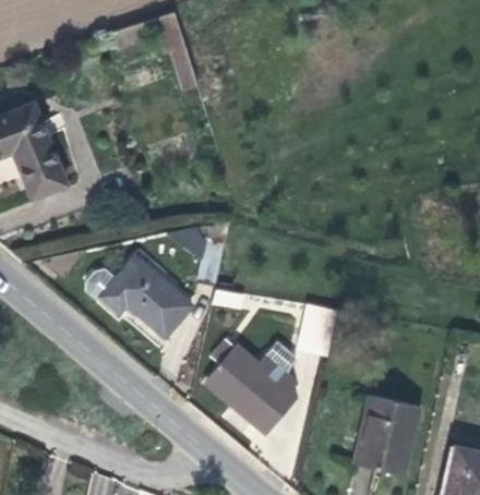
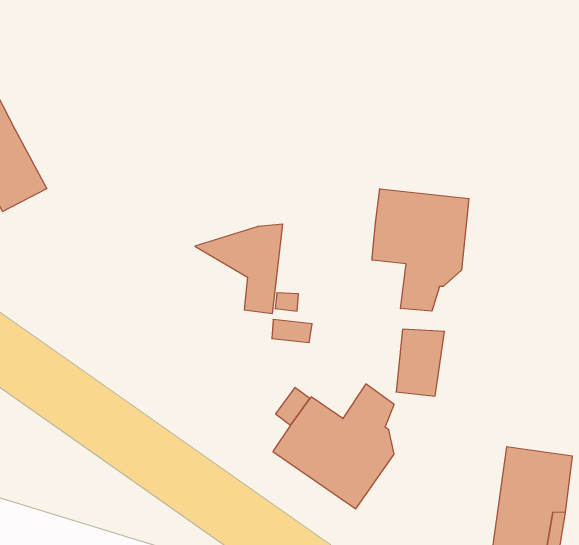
building: none -> [372,189,469,311]
building: [101,258,192,339] -> none

